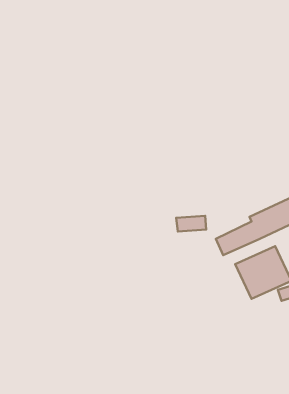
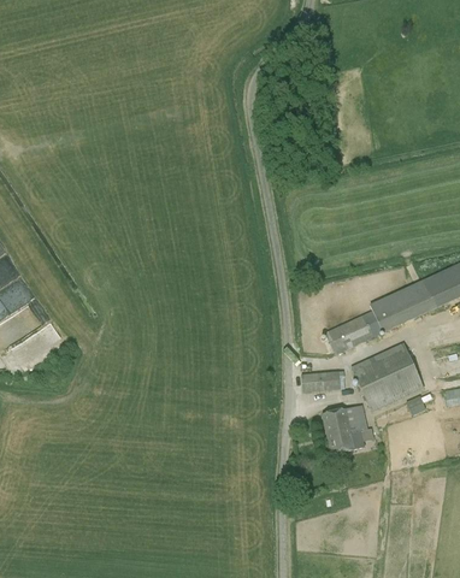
building: [176,216,206,231] -> [300,371,340,391]
building: none -> [322,405,373,454]

